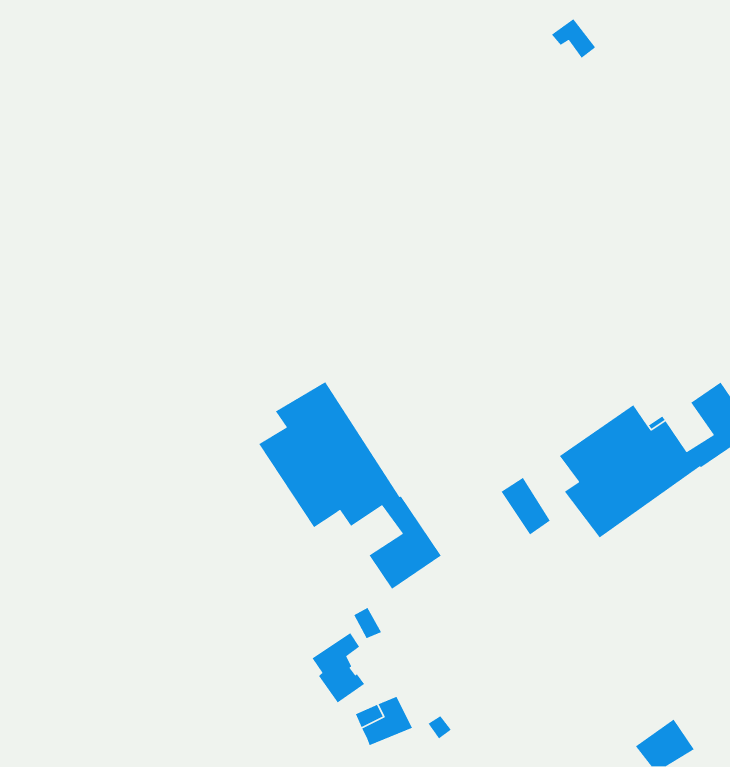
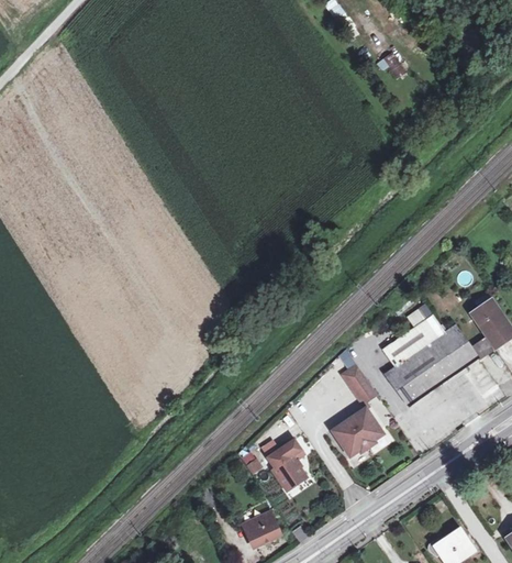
building: [258,381,442,590] -> none
building: none -> [331,408,382,456]
building: [312,632,365,704] -> [268,439,304,487]

